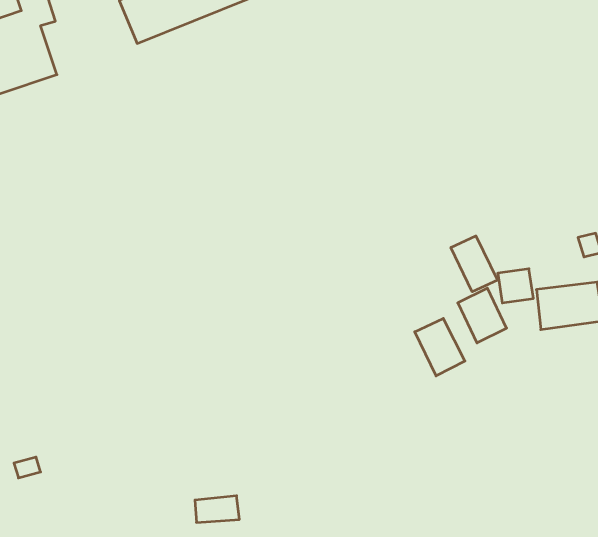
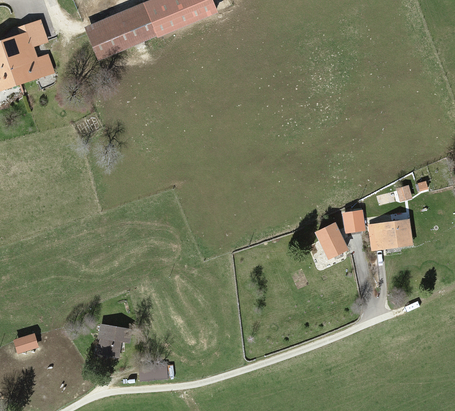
building: [451,236,497,292] -> none
building: [415,318,465,376] -> none
building: none -> [96,325,129,356]

